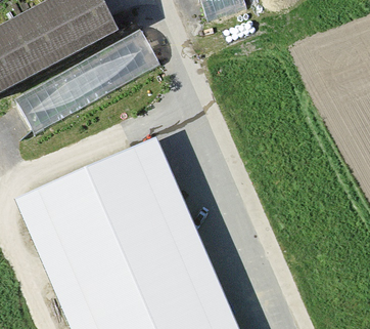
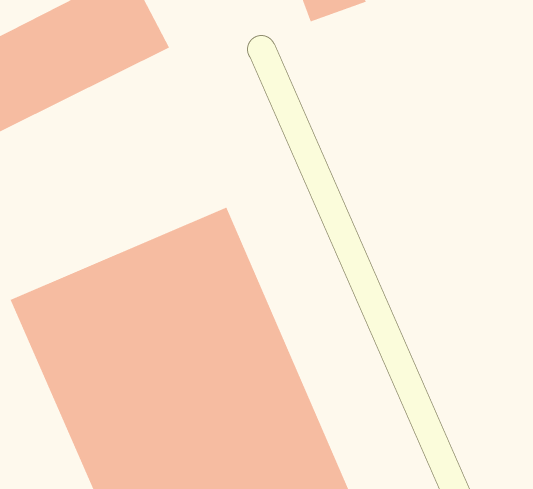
building: [16,28,158,131] -> none

